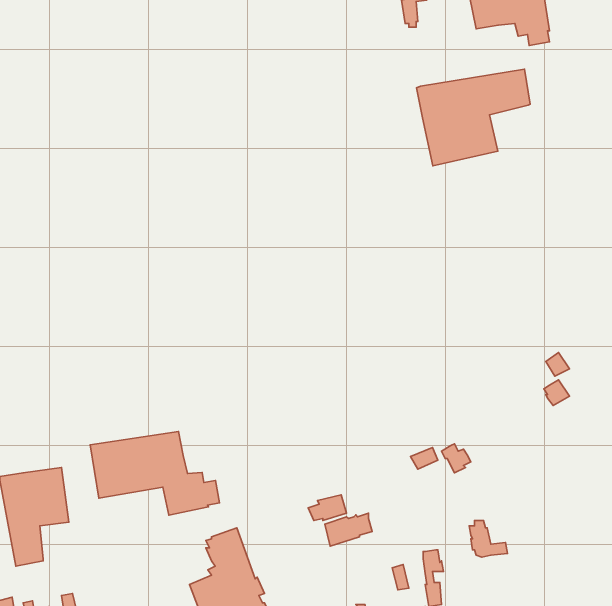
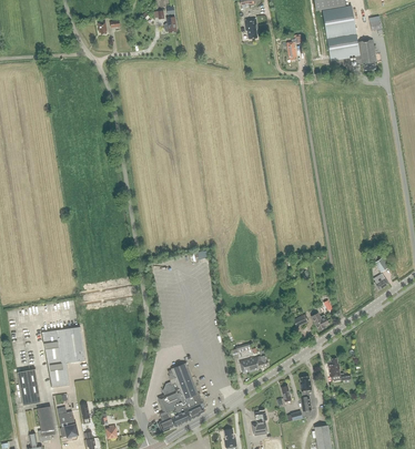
building: [416,69,530,166] -> none
building: [90,431,220,515] -> none

